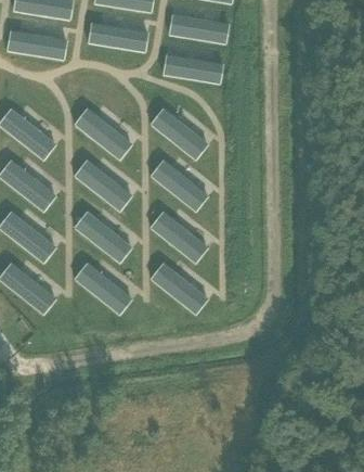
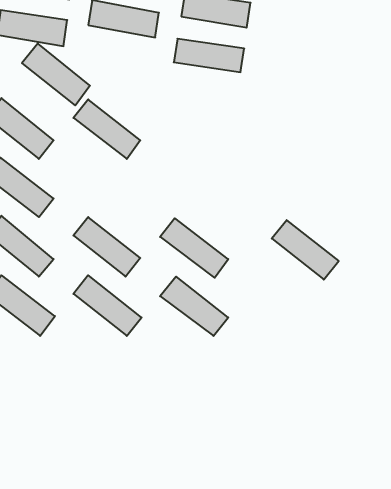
building: [150,107,209,161] -> none
building: [73,157,132,212] -> [22,43,90,105]
building: [151,160,209,212] -> [272,220,339,280]

